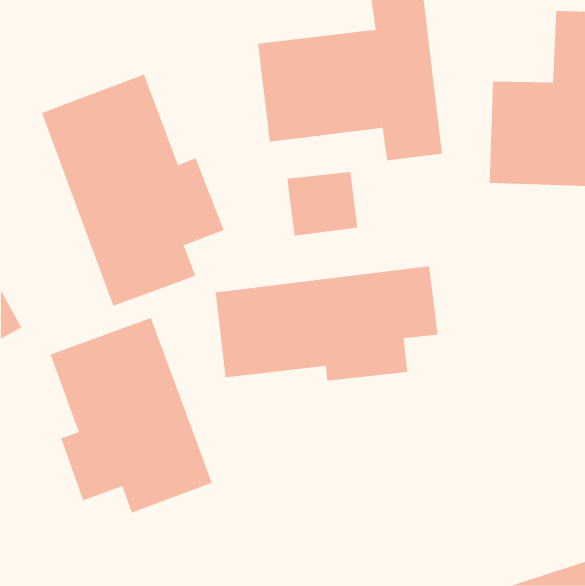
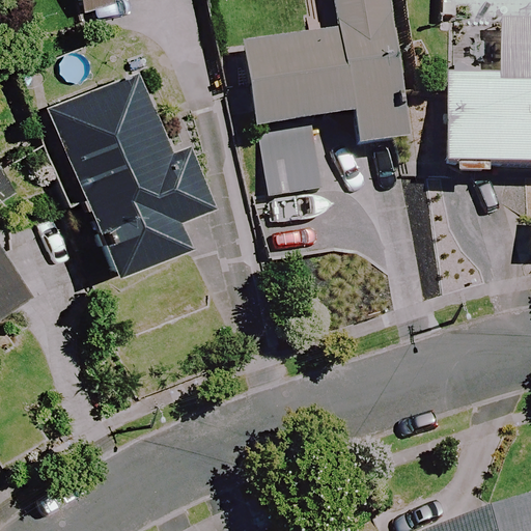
building: [215,266,438,381] -> none
building: [50,317,213,513] -> none

